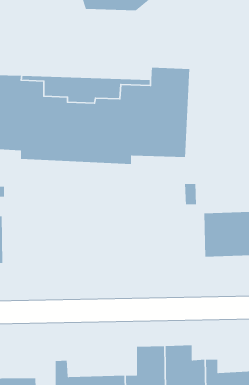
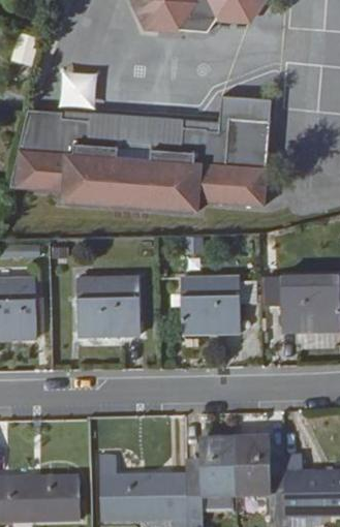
building: none -> [78,276,142,336]
building: none -> [183,276,241,333]

